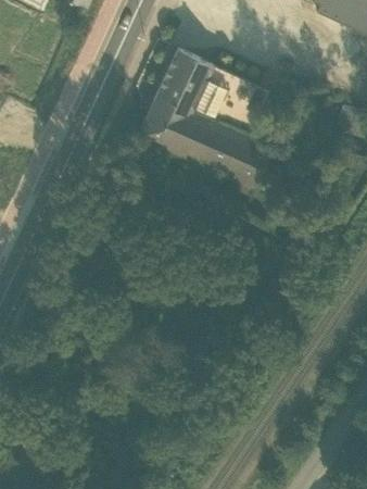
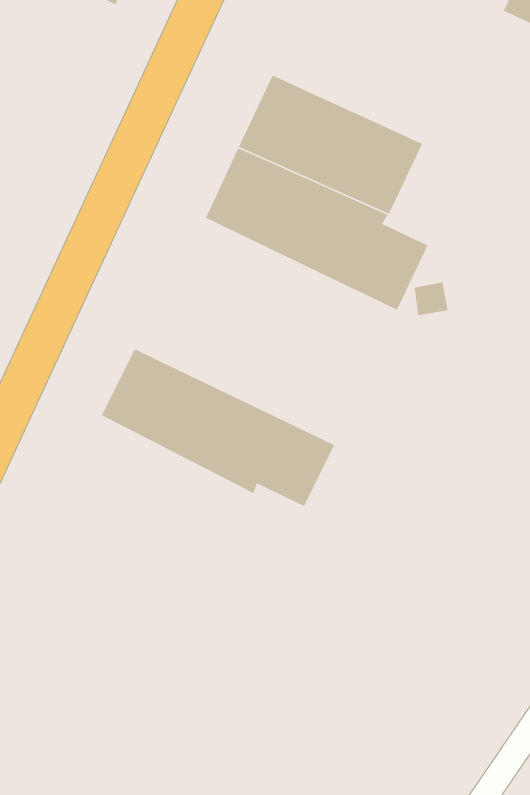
building: none -> [101,348,335,507]

